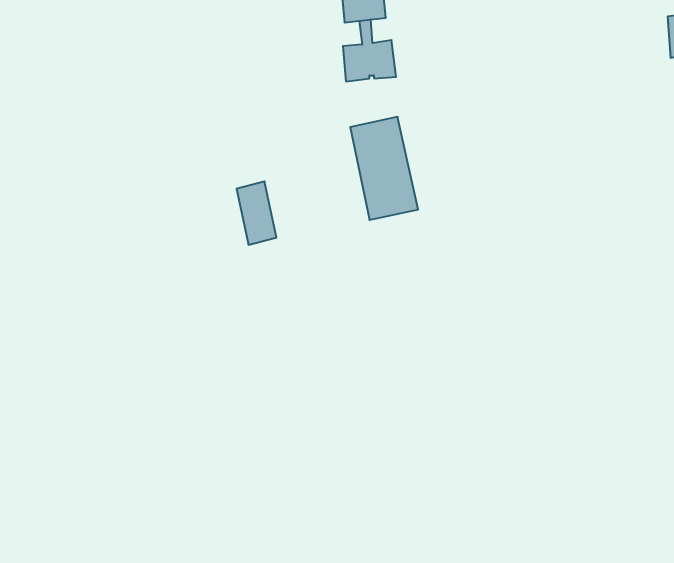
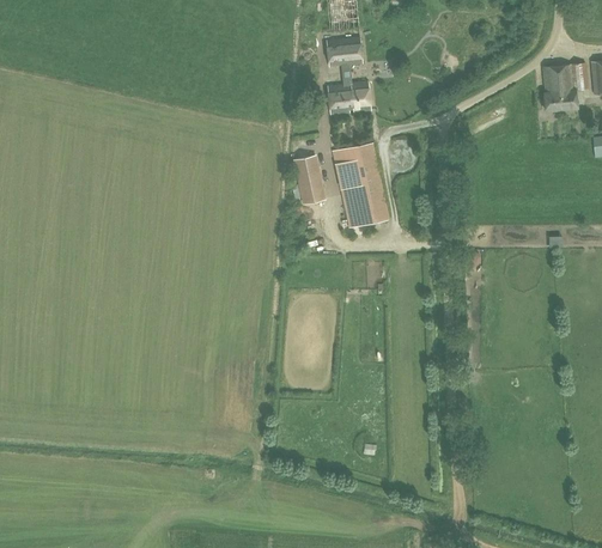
building: none -> [543,61,588,109]
building: [237,181,276,245] -> [293,152,326,203]

